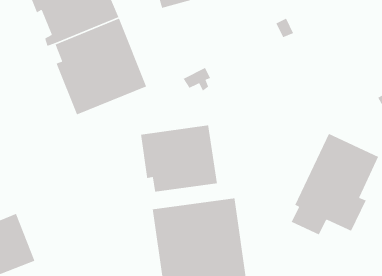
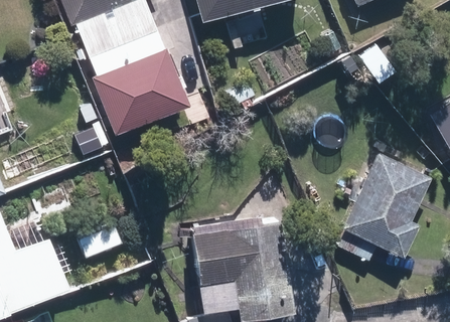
building: [140,124,218,192] -> none

